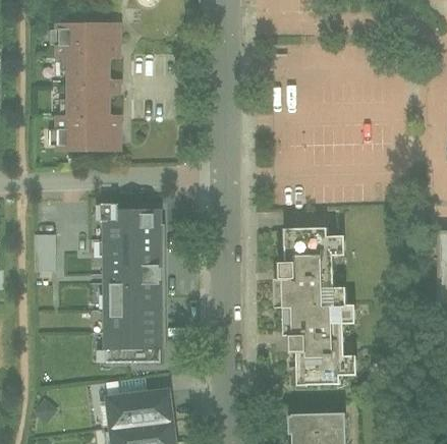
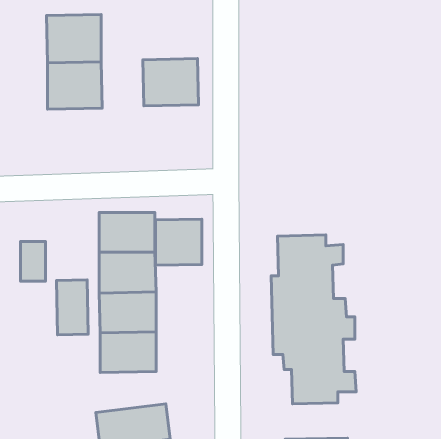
building: [61,107,114,152] -> [143,59,199,106]
building: none -> [155,219,202,265]
building: none -> [56,280,88,335]

